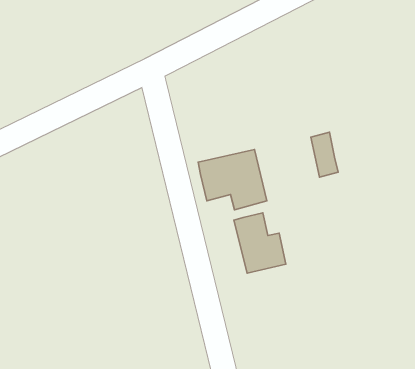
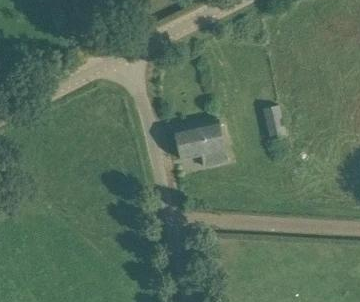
building: [234,213,286,273] -> none

